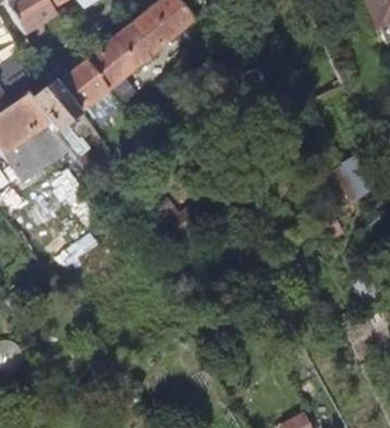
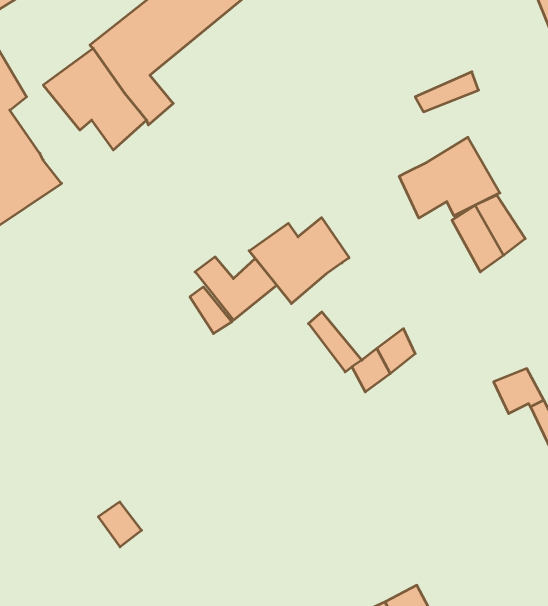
building: [33,83,87,157] -> none
building: none -> [399,137,500,218]
building: none -> [249,218,349,304]

